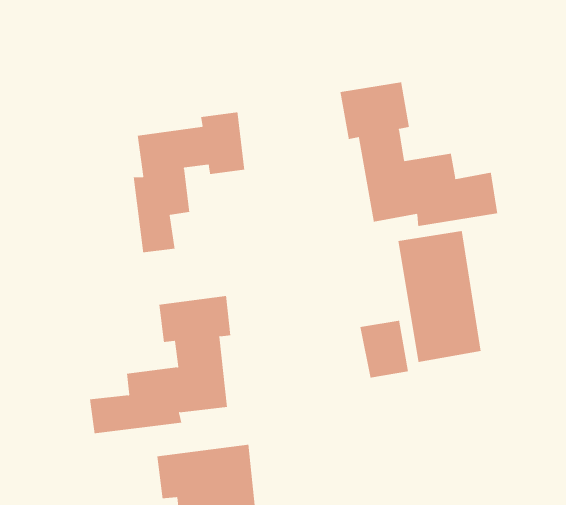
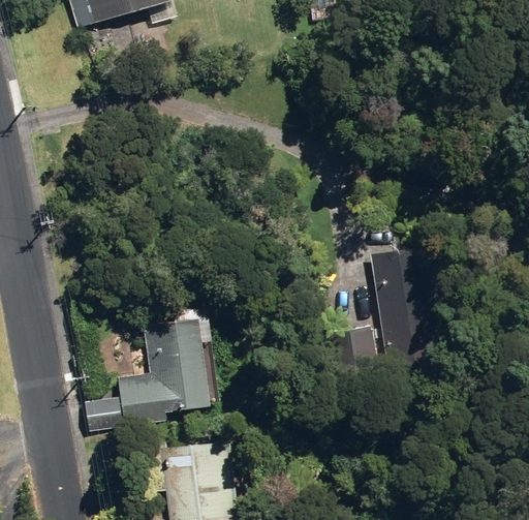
building: [340,82,498,227] -> none
building: [133,111,245,253] -> none

